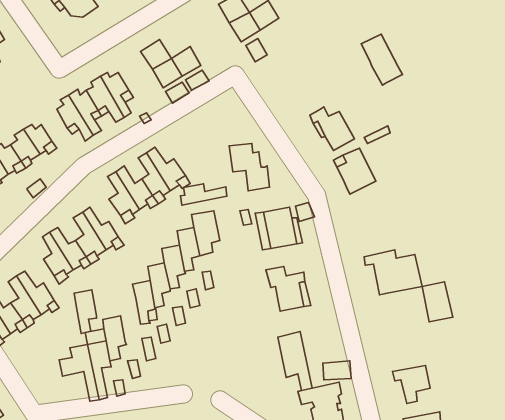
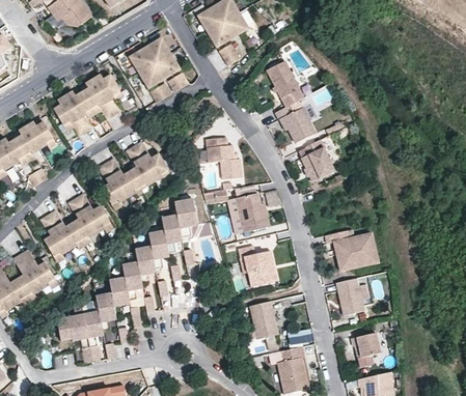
building: none -> [145,35,172,62]
building: [361,34,403,85] -> [268,62,304,107]
building: [180,184,227,205] -> none
building: [422,282,453,322] -> [336,279,363,314]
building: [74,290,97,333] -> [109,273,129,311]

